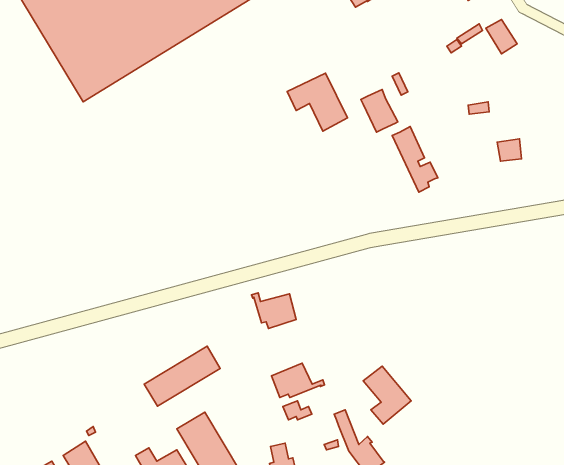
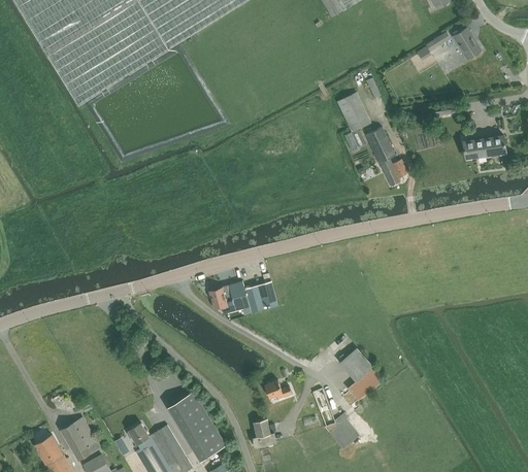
building: [287,73,347,131] -> none
building: none -> [483,134,505,156]
building: none -> [207,281,244,313]
building: [144,346,220,406] -> none
building: [272,363,325,397] -> none

